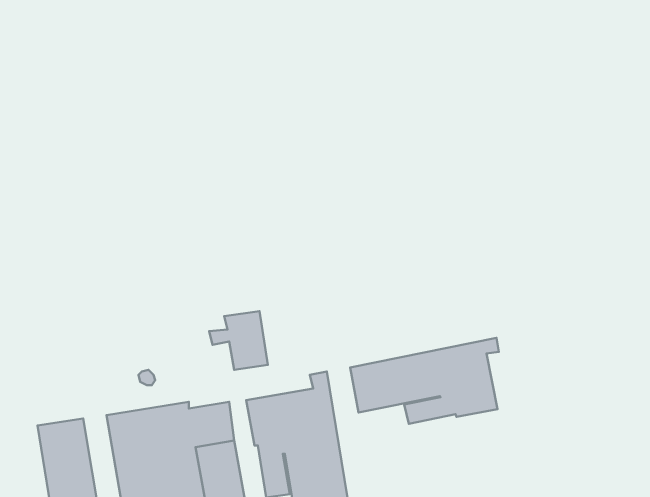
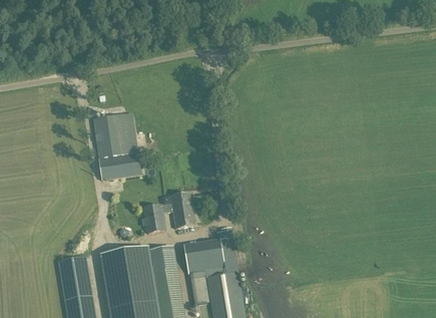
building: none -> [92,112,141,179]
building: none -> [143,204,164,232]
building: [350,338,499,424] -> none

